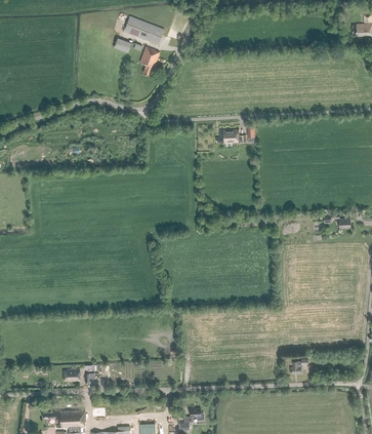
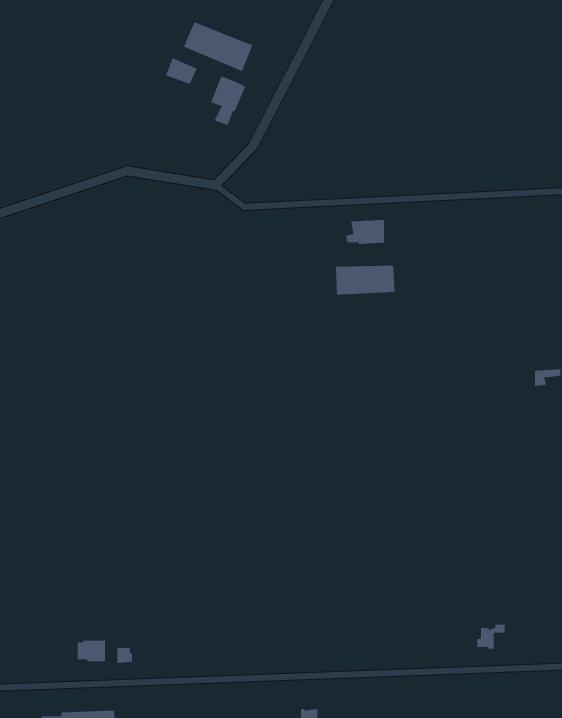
building: none -> [336,265,395,296]

